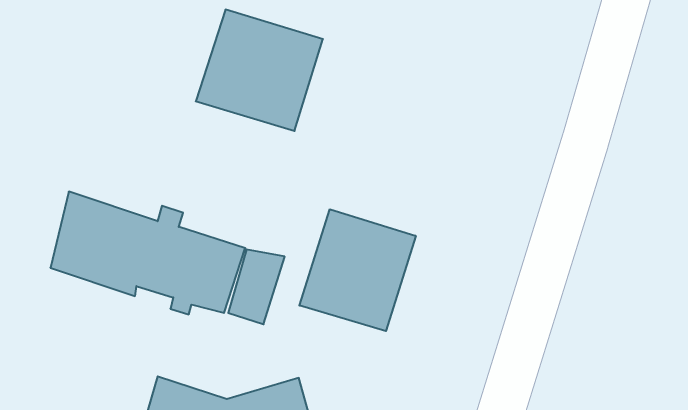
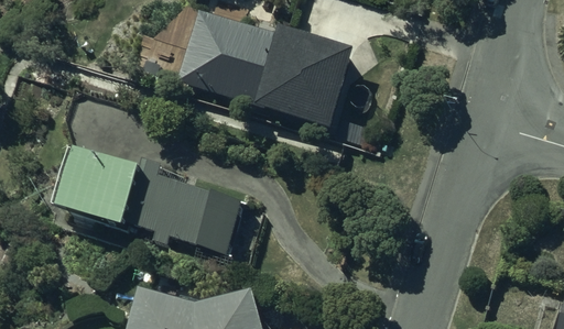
building: none -> [254,30,354,132]
building: [299,209,416,331] -> none

